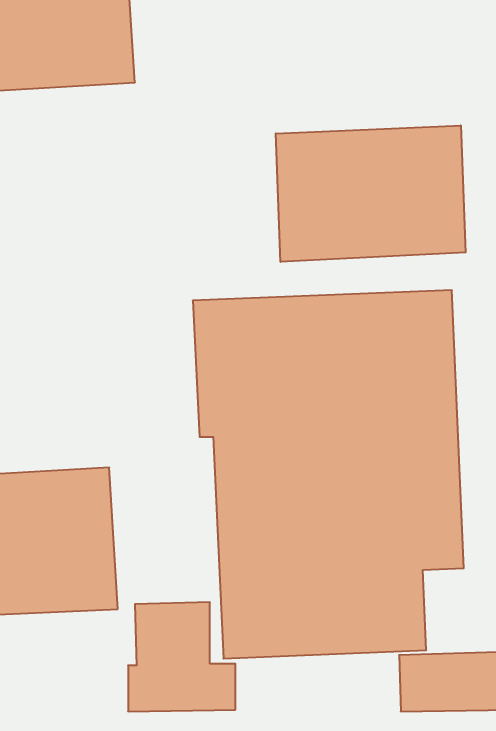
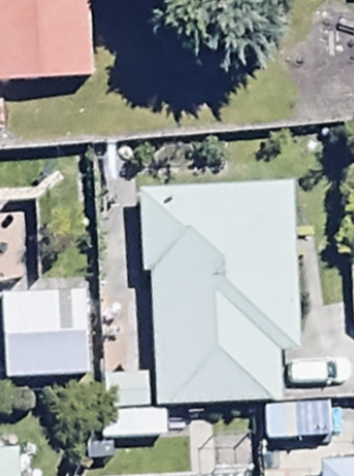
building: [276,125,466,262] -> none

